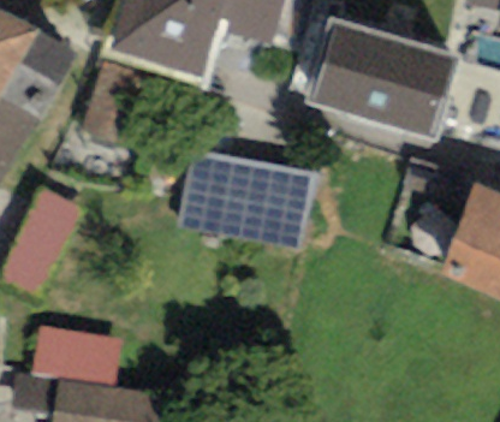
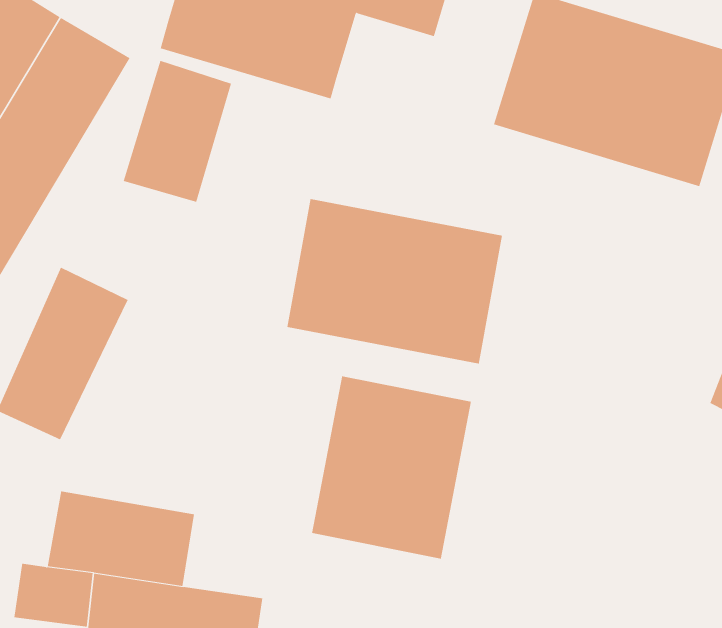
building: none -> [311,375,471,560]

